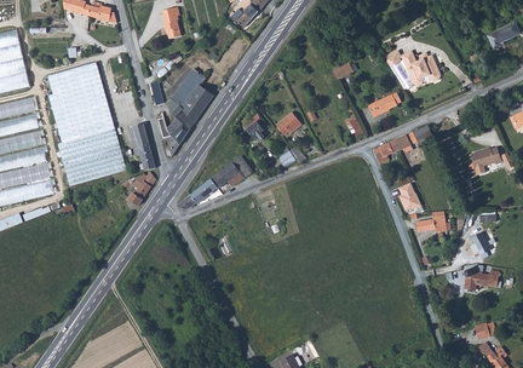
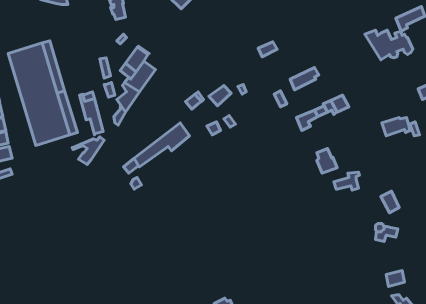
building: [386,53,441,87] -> [365,30,413,60]

